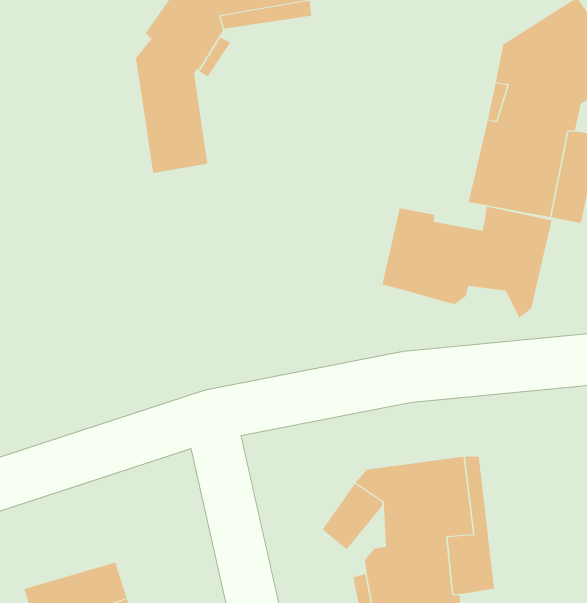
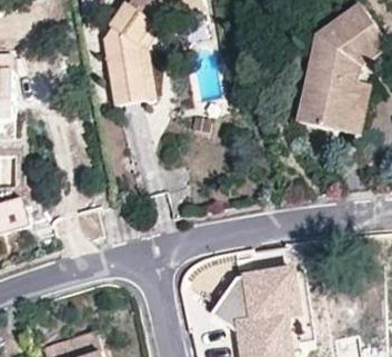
building: [382,206,552,319] -> none

